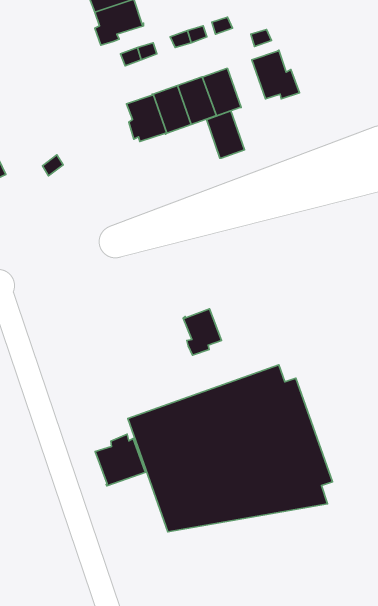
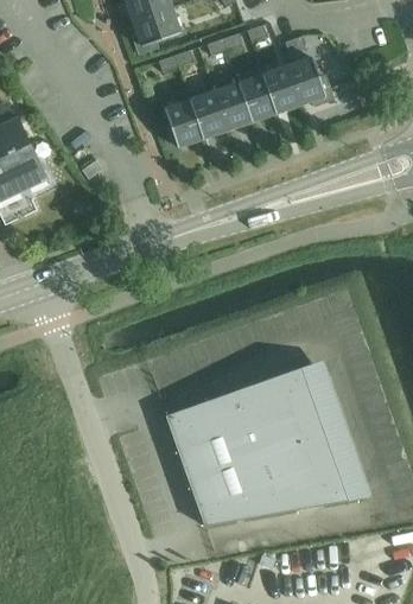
building: [207,111,244,158] -> [262,66,299,113]
building: [183,309,221,355] -> none
building: [95,434,146,486] -> none

